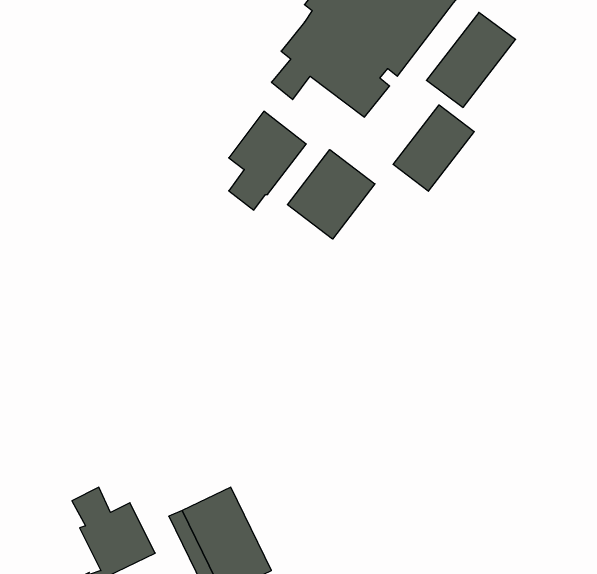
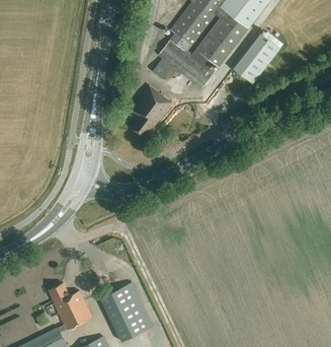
building: [393,105,474,191] -> none
building: [287,150,375,239] -> none

